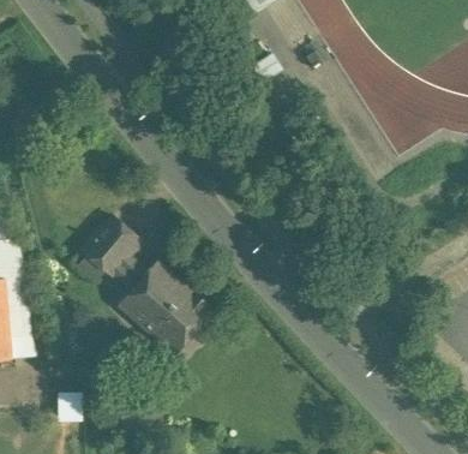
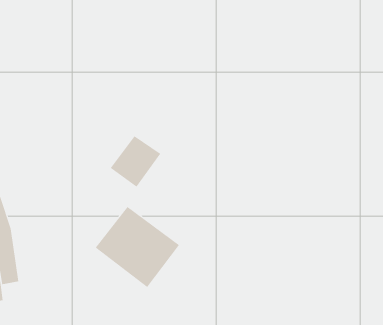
building: [79,215,138,274] -> [110,135,161,187]

